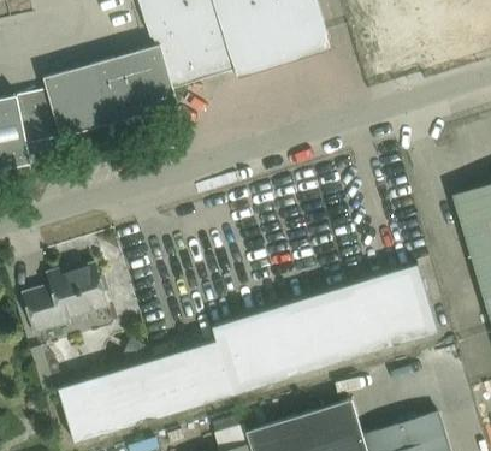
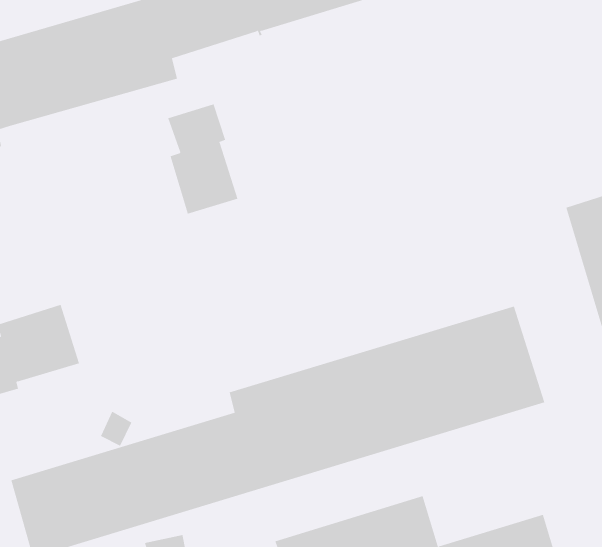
building: none -> [167,104,238,215]

